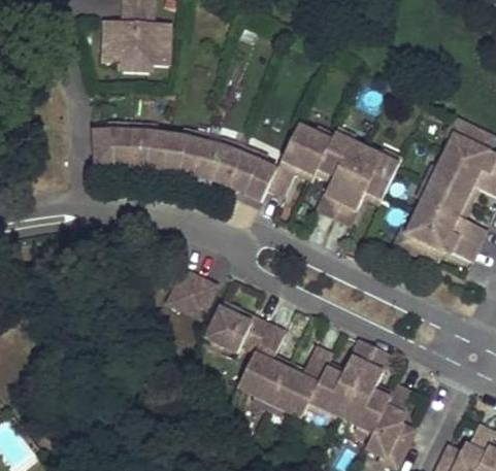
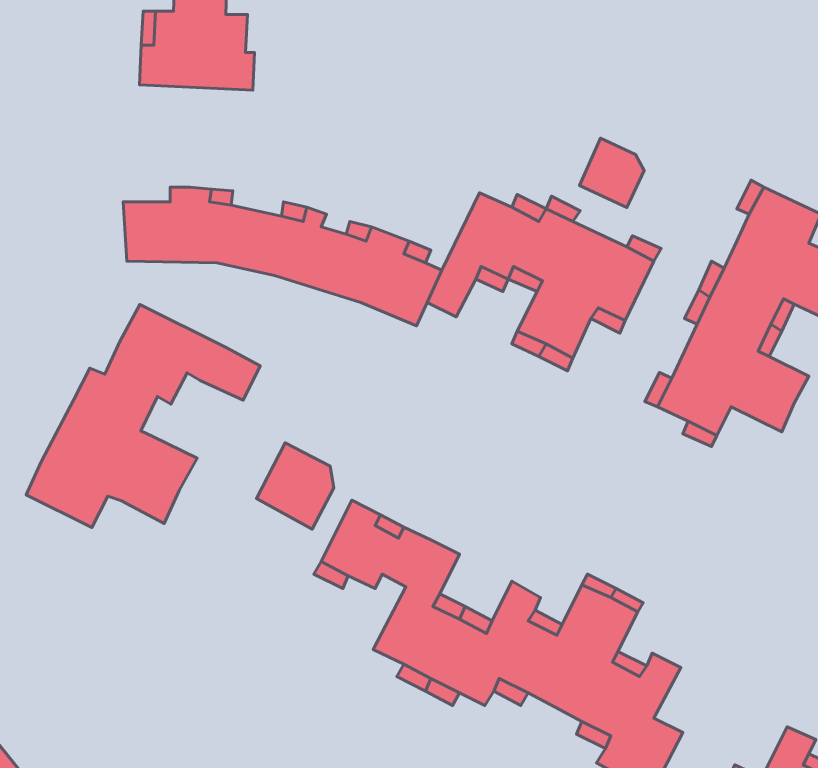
building: none -> [580,138,644,208]
building: none -> [26,305,260,527]

